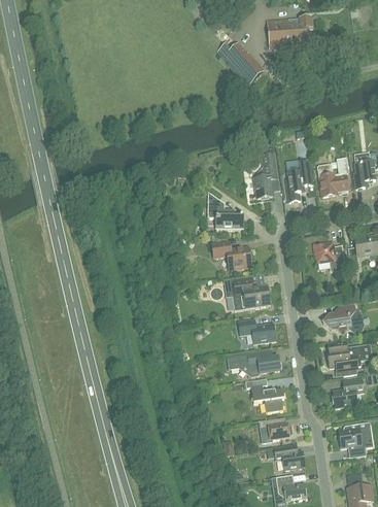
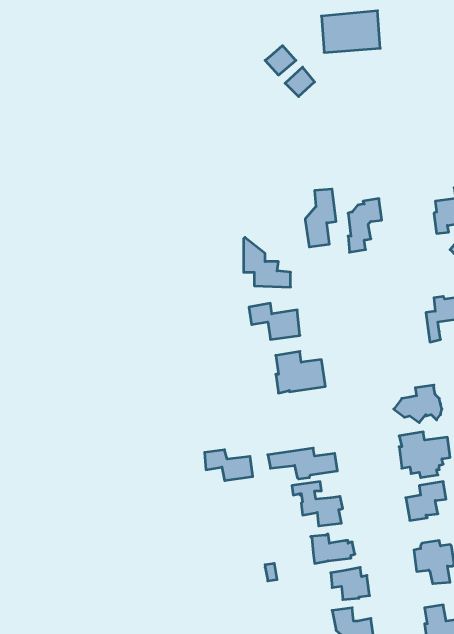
building: [317,157,349,197] -> none
building: [314,242,345,271] -> none
building: [238,319,275,343] -> [205,450,253,481]

